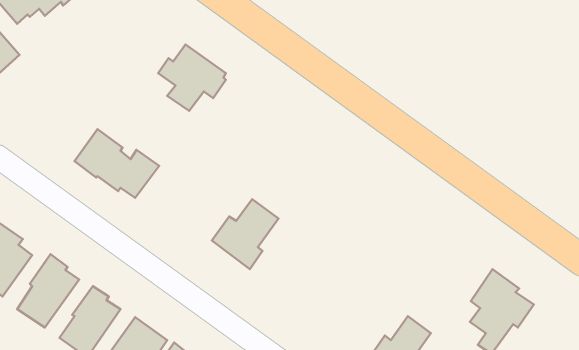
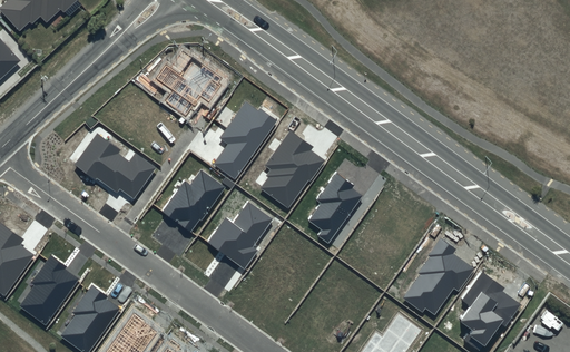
building: none -> [214,101,277,179]
building: none -> [261,129,325,208]
building: none -> [163,169,226,232]
building: none -> [308,173,363,243]
building: none -> [404,237,475,314]

